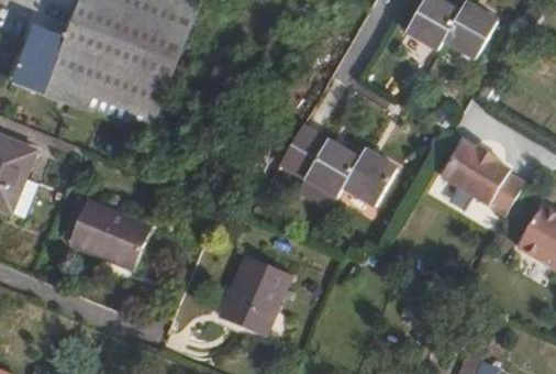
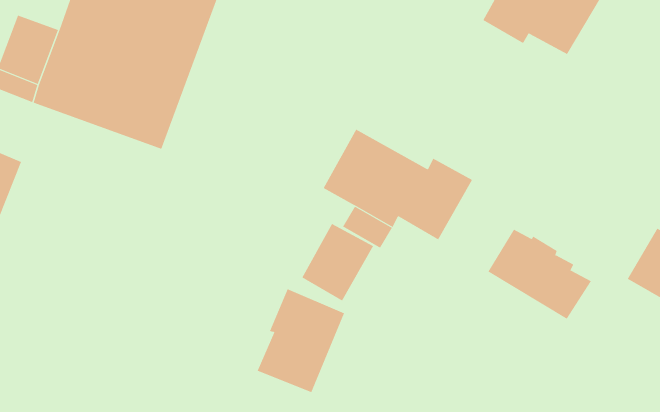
building: [442,141,525,213] -> [487,229,592,320]
building: [69,197,154,270] -> none
building: none -> [301,223,374,302]

